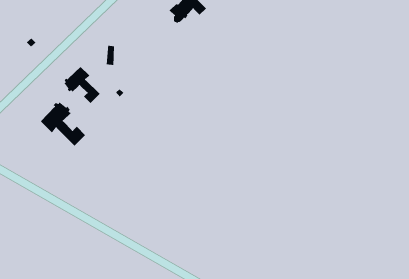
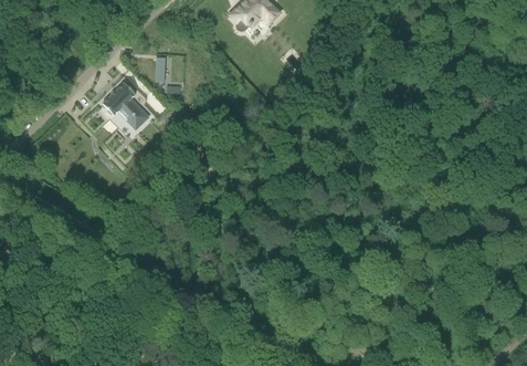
building: [40,101,86,146] -> none

